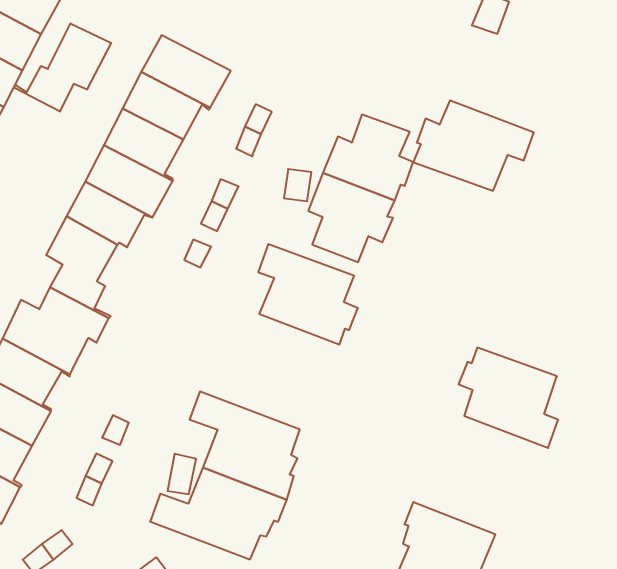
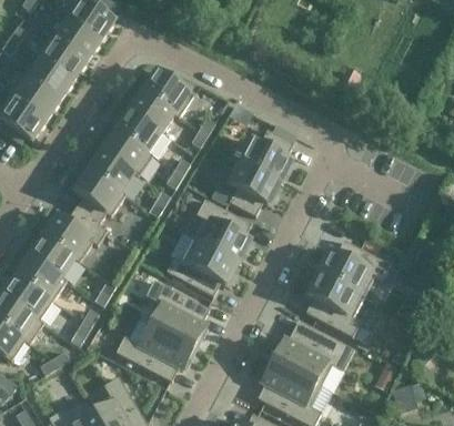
building: [14,23,111,112] -> none
building: [413,100,534,191] -> [317,241,390,296]
building: none -> [165,240,238,296]
building: none -> [270,321,353,384]

